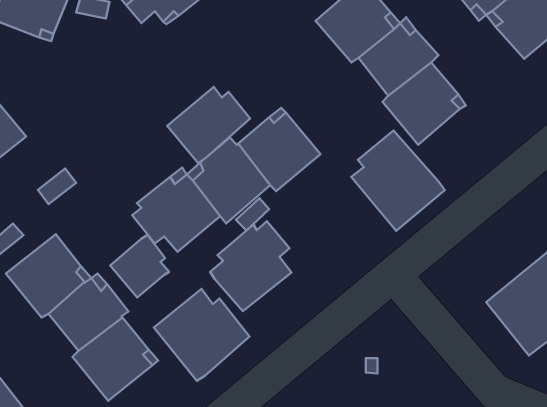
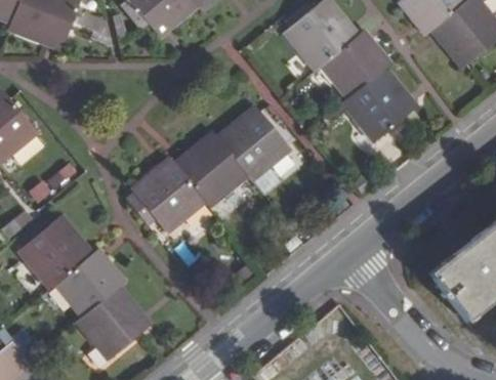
building: [167,87,250,163] -> none
building: [351,130,445,231] -> none
building: [210,221,291,311] -> none
building: [110,235,169,297] -> none
building: [154,289,250,381] -> none

